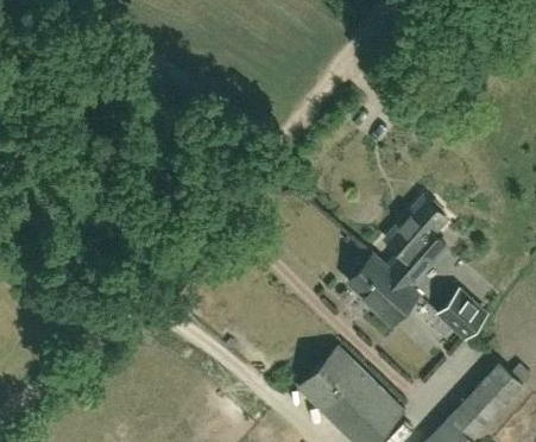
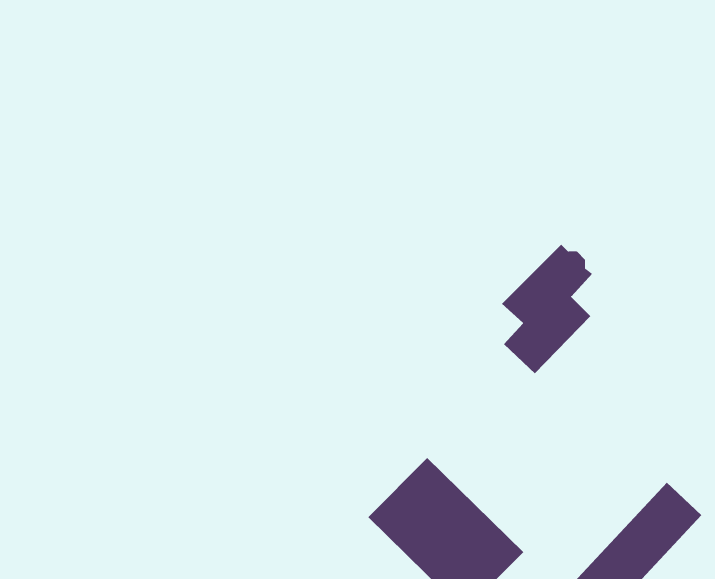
building: [348,255,417,326] -> none
building: [437,295,485,343] -> none

